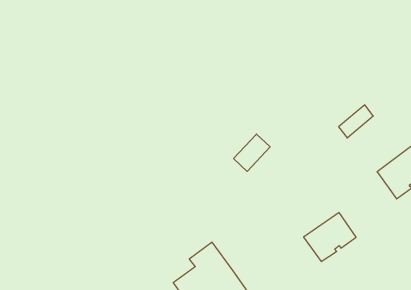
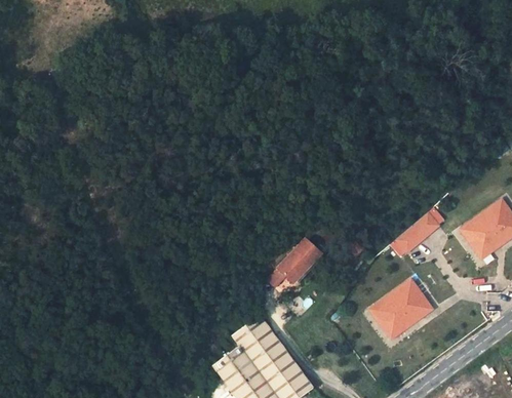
building: [339,105,373,138] -> [398,212,440,252]
building: [234,134,270,171] -> [276,238,320,283]

